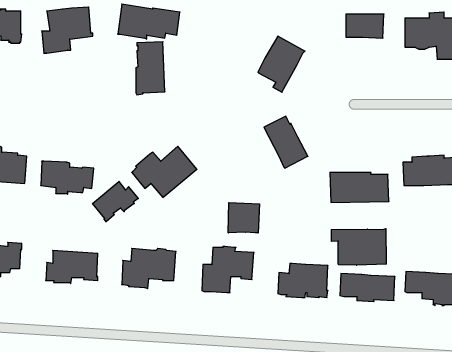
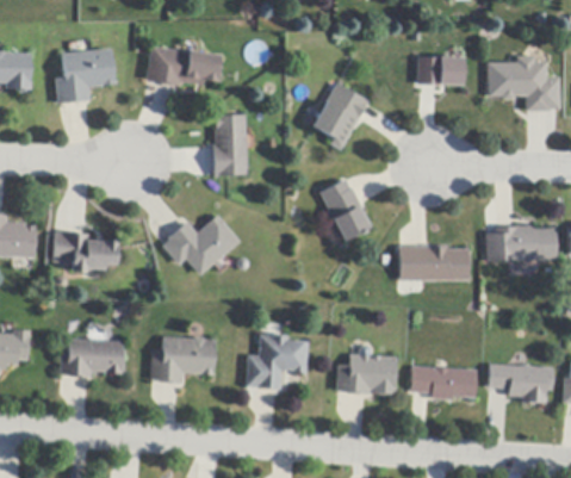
building: [136,42,165,95] -> [212,114,247,178]
building: [93,181,138,222] -> none
building: [228,203,259,233] -> none
building: [331,229,386,265] -> none

